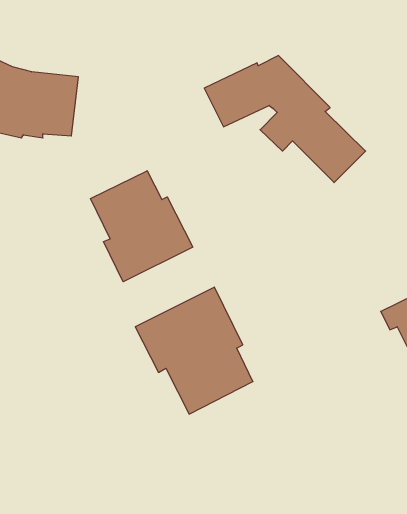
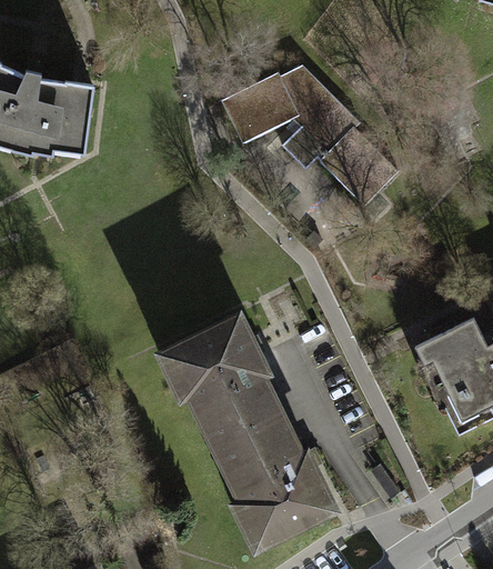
building: [91,171,193,282] -> none
building: none -> [211,418,338,557]

